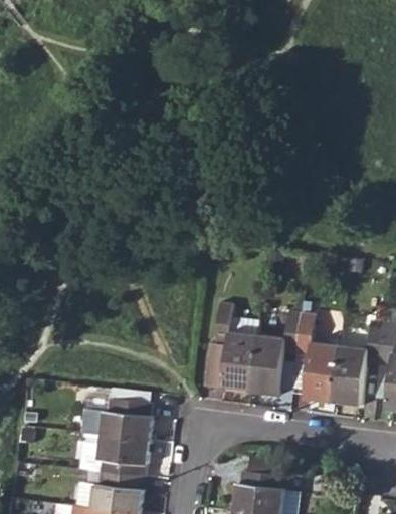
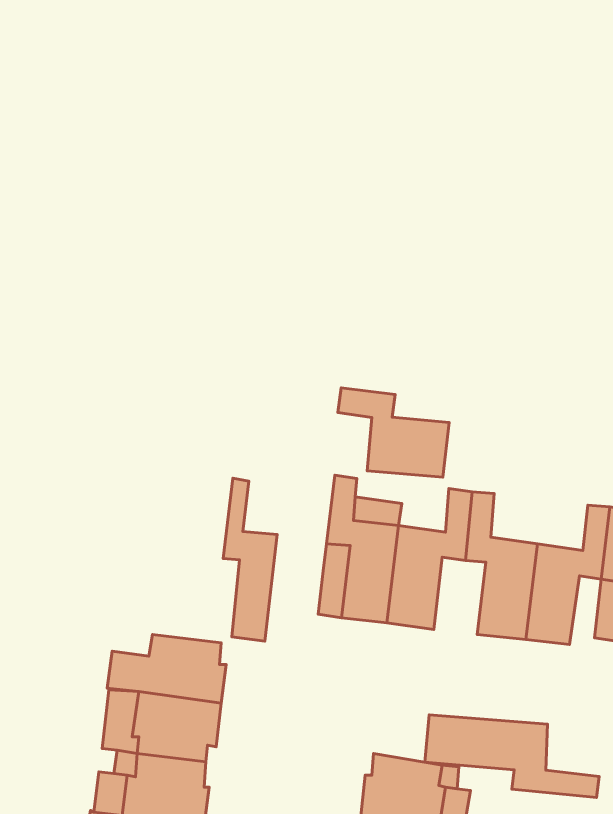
building: none -> [338,388,449,477]
building: none -> [223,478,277,641]
building: none -> [425,715,599,798]

